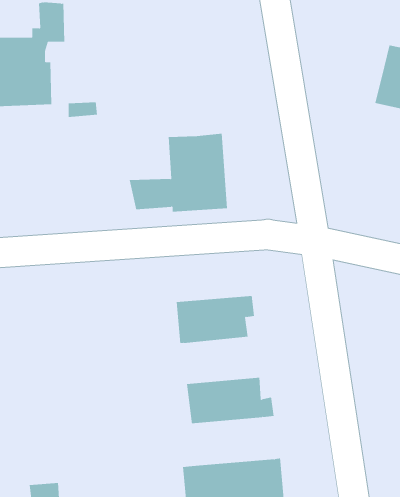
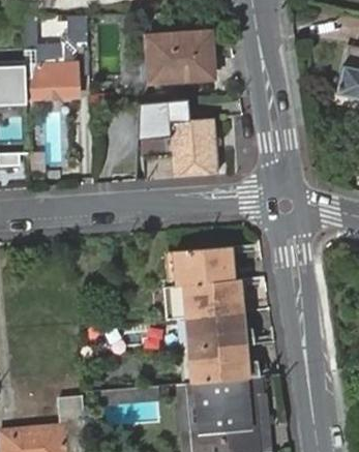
building: none -> [147,32,212,81]
building: none -> [139,102,192,155]
building: none -> [182,279,246,318]
building: none -> [188,344,255,383]

